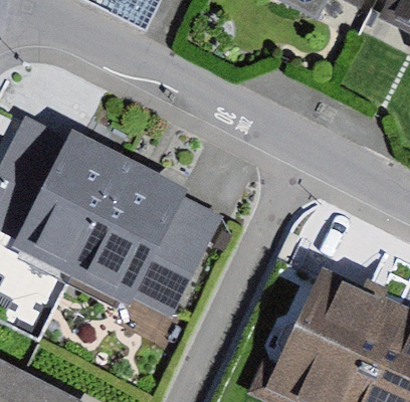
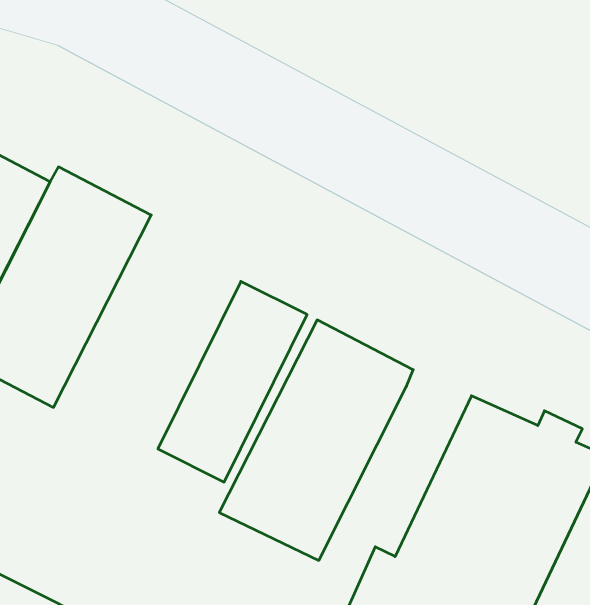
building: [71,159,189,305] -> [219,320,413,560]

